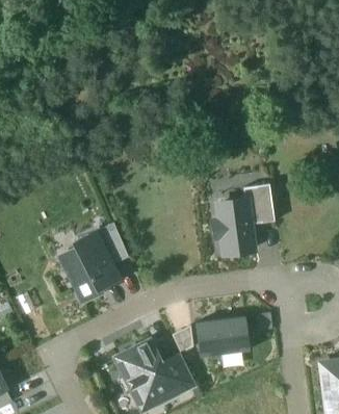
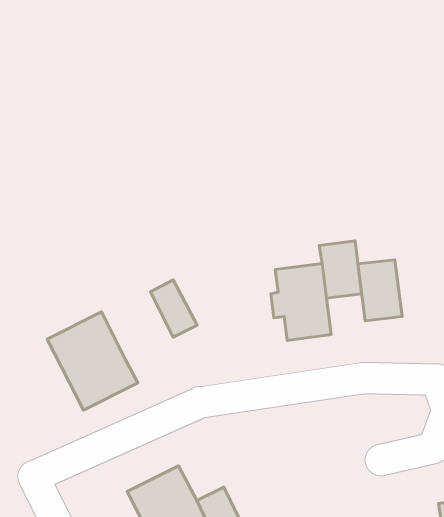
building: none -> [358,260,402,321]
building: [96,226,128,265] -> [150,280,197,337]
building: [194,316,247,357] -> none

